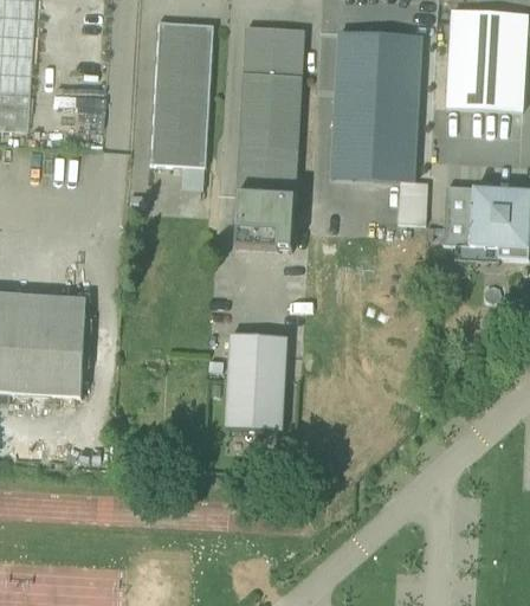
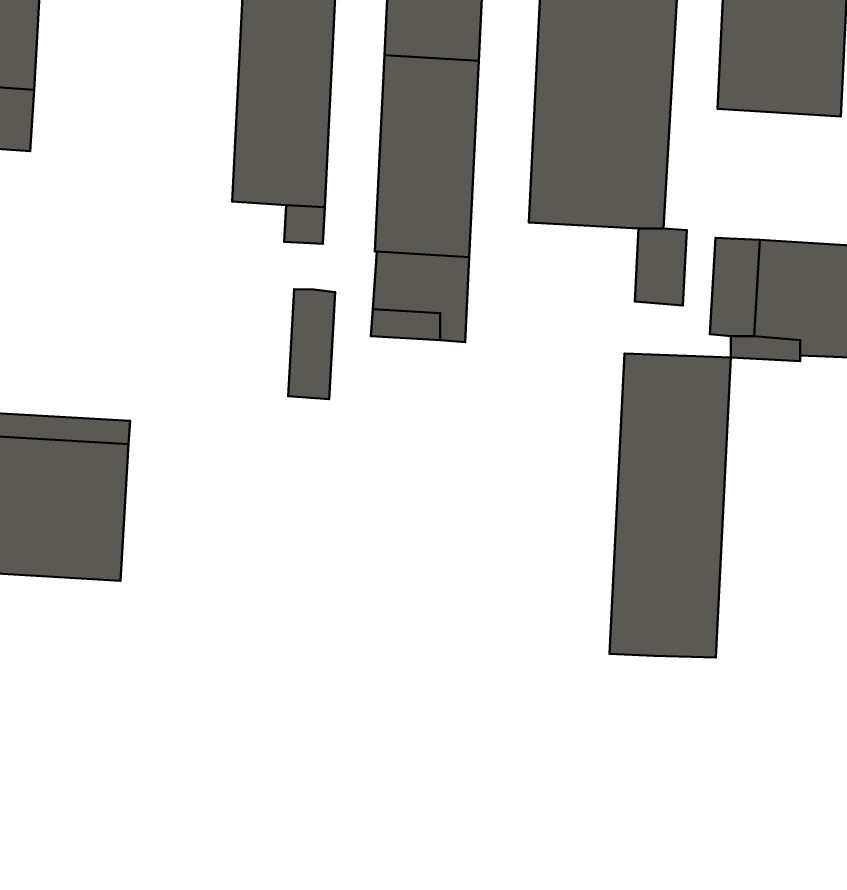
building: none -> [288,289,335,399]
building: none -> [610,354,731,658]
building: [225,333,286,430] -> none

